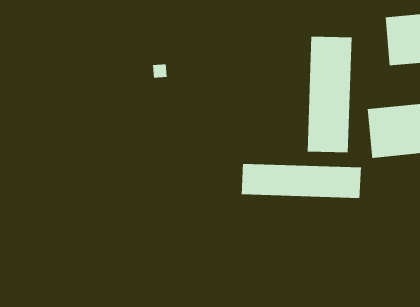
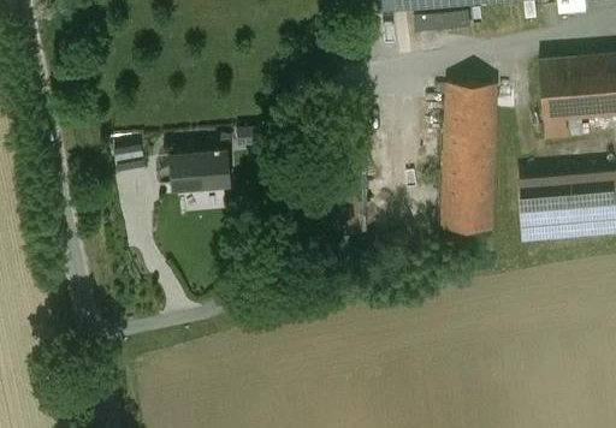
building: none -> [173,141,237,185]
building: [241,163,361,199] -> none

